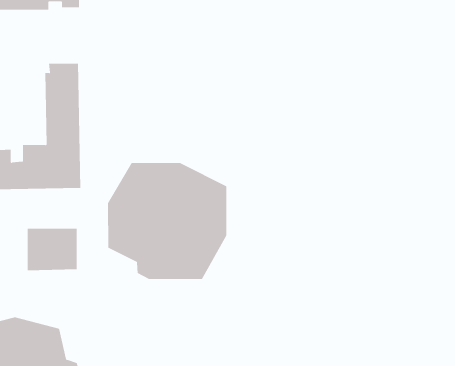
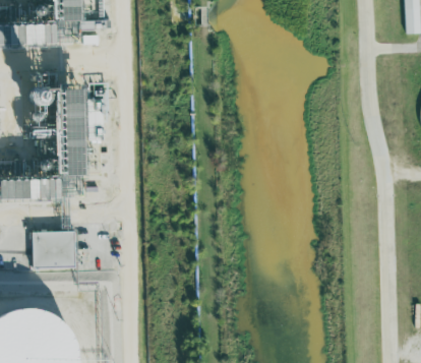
building: [108,162,227,280] -> none

